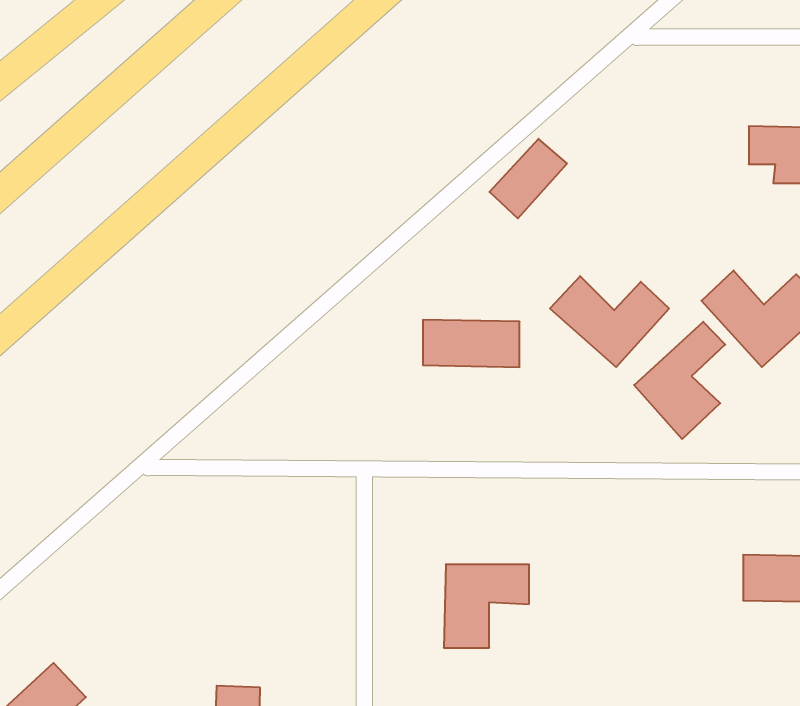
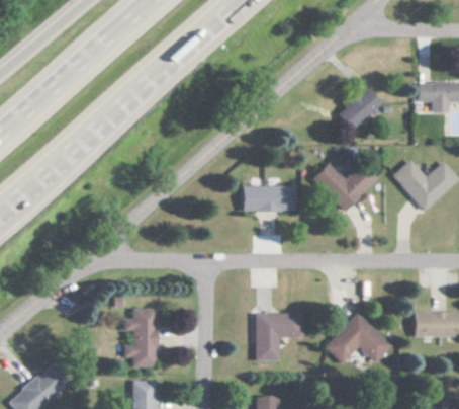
building: [489,139,567,218] -> [339,87,380,130]
building: [634,322,725,439] -> none
building: none -> [123,308,156,367]
building: none -> [325,313,391,363]

